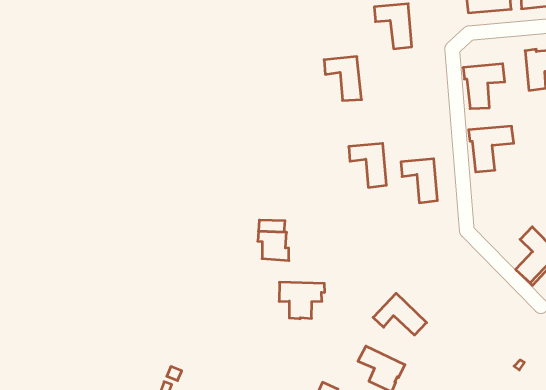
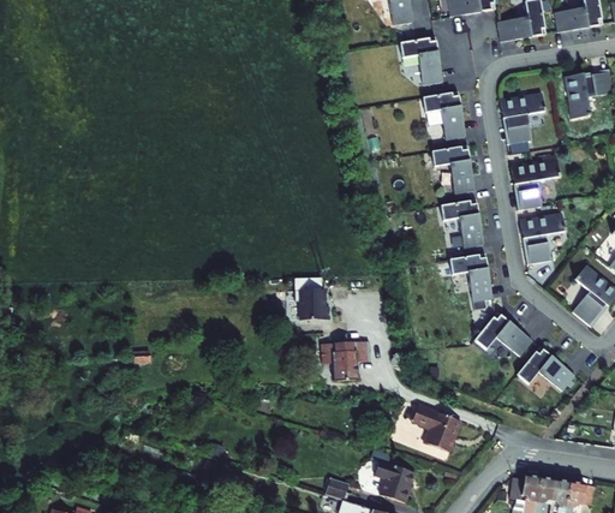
building: [324,57,362,100] -> [423,91,466,139]
building: [349,143,386,187] -> [431,145,474,193]
building: none -> [520,213,565,263]
building: none -> [449,253,492,302]
building: [373,293,427,335] -> [474,312,532,356]
building: none -> [517,347,574,390]

